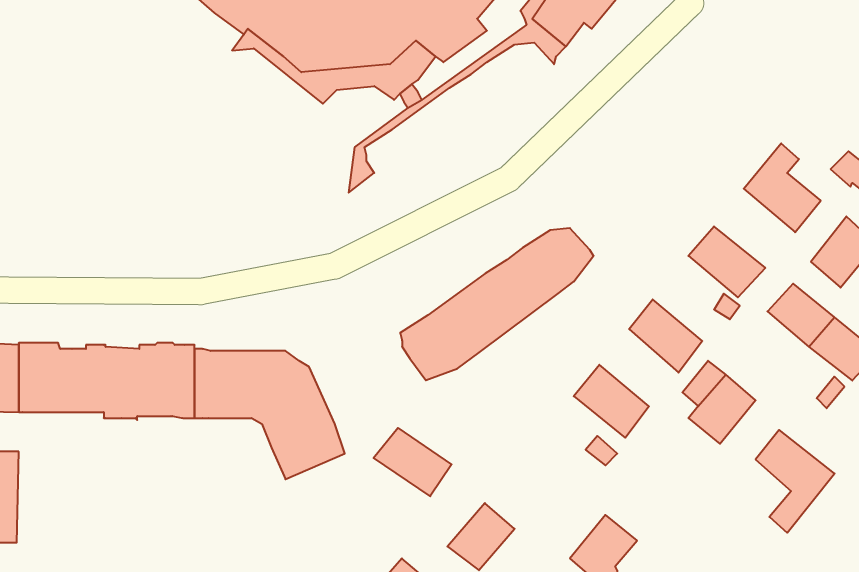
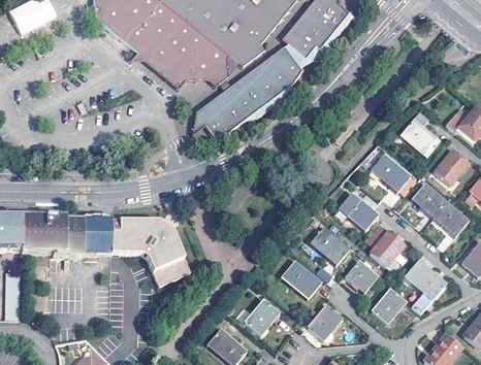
building: [400,228,594,380] -> [200,58,301,137]
building: [374,428,452,496] -> none
building: none -> [282,260,321,298]
building: none -> [345,261,377,292]
building: none -> [372,288,407,324]

